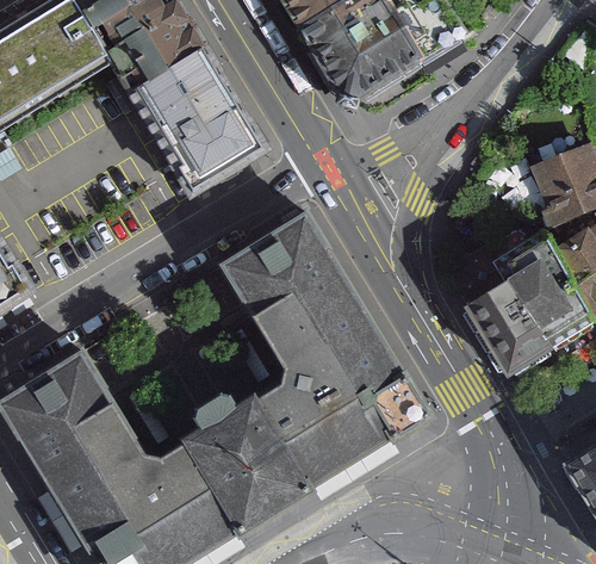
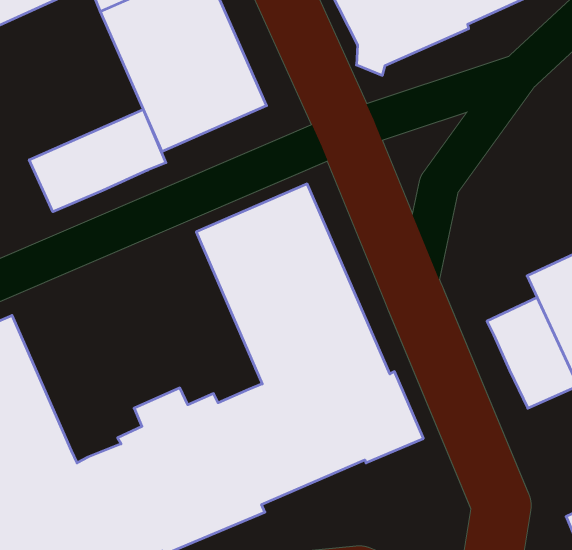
building: none -> [29,110,166,212]

